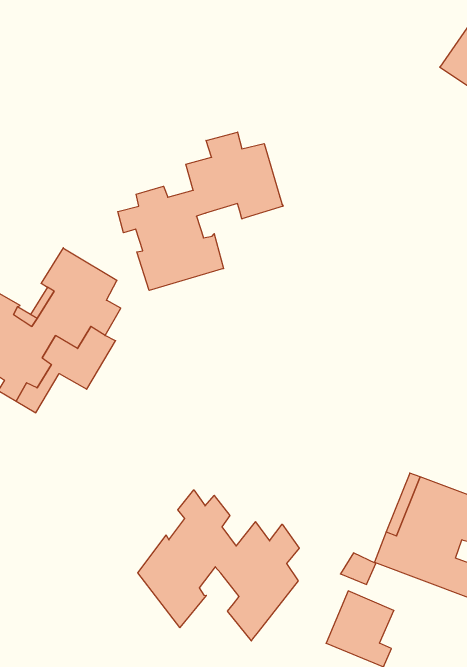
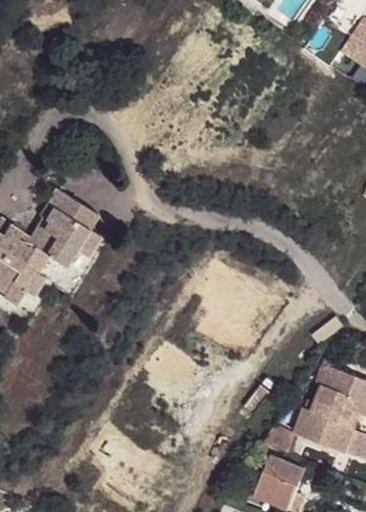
building: [118,132,283,290] -> none
building: [138,490,299,641] -> none

